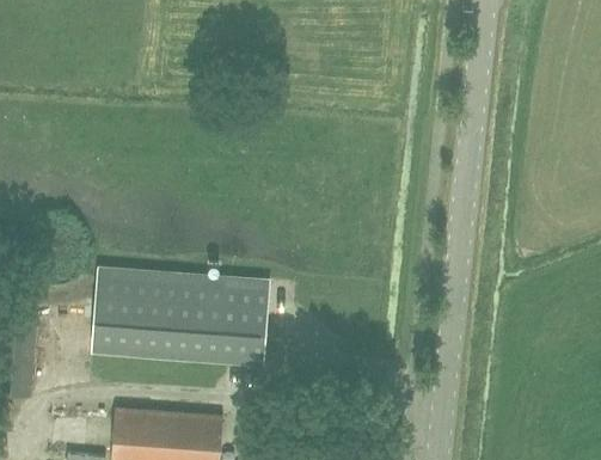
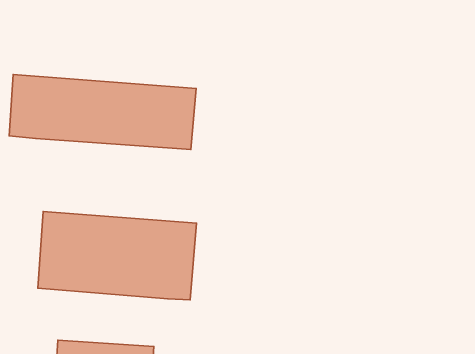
building: none -> [9,74,196,150]

